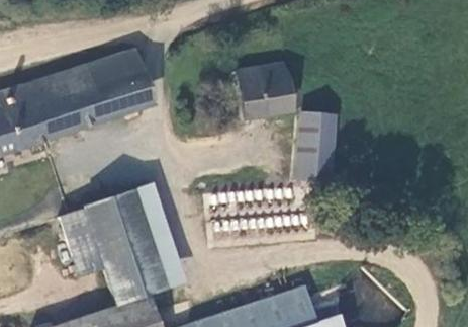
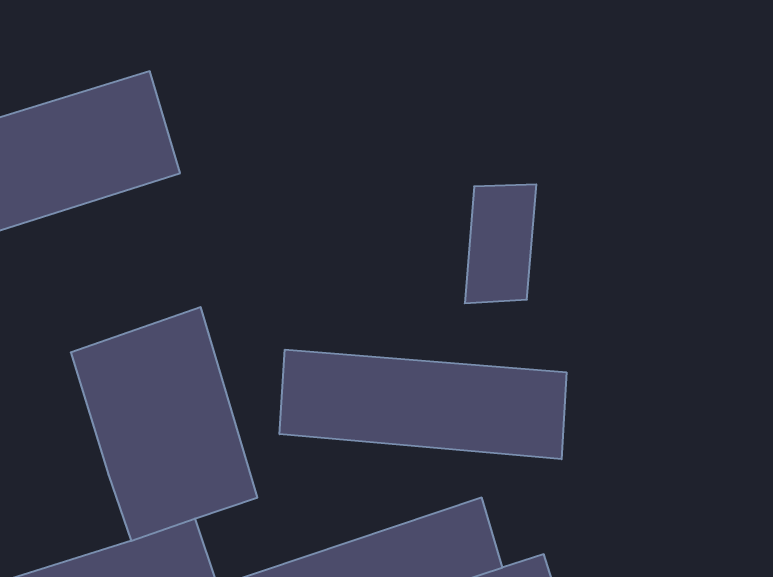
building: [237,62,291,116] -> none
building: none -> [280,350,566,459]
building: [59,206,106,279] -> none

